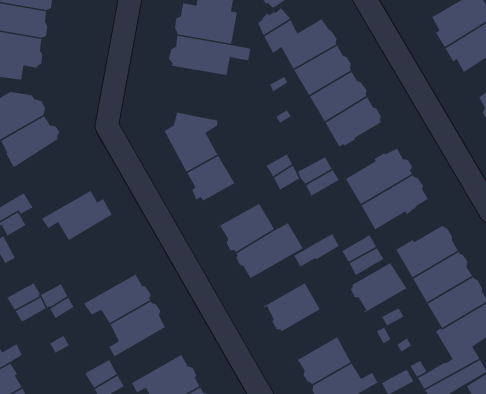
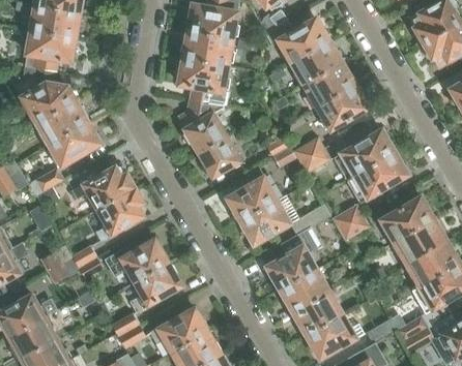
building: none -> [178,60,233,106]
building: none -> [51,123,99,166]
building: none -> [95,188,144,241]
building: [350,262,407,314] -> [279,270,328,314]

